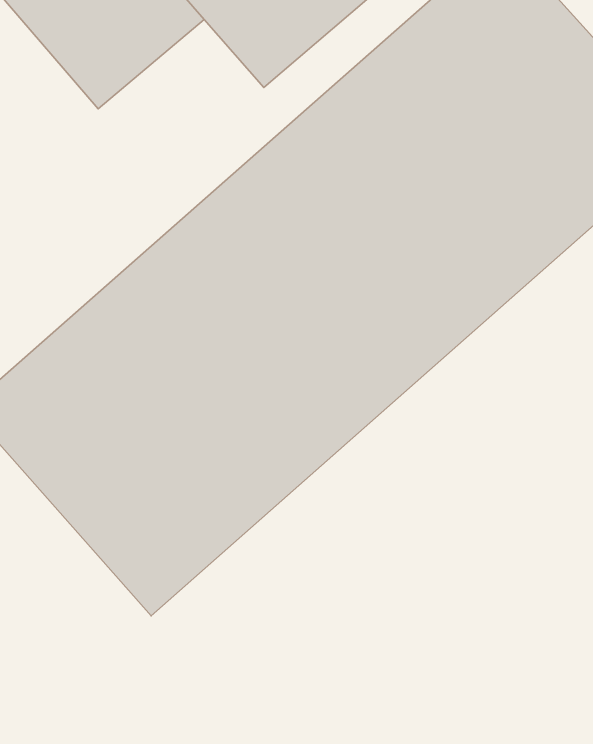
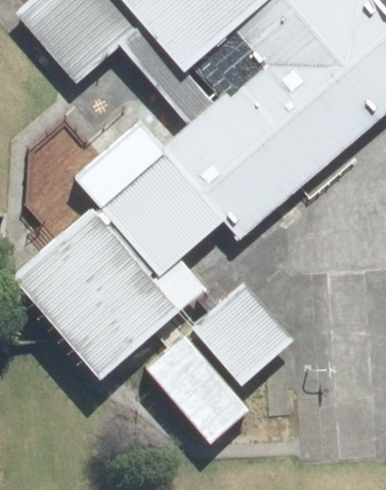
building: none -> [144,294,298,442]

